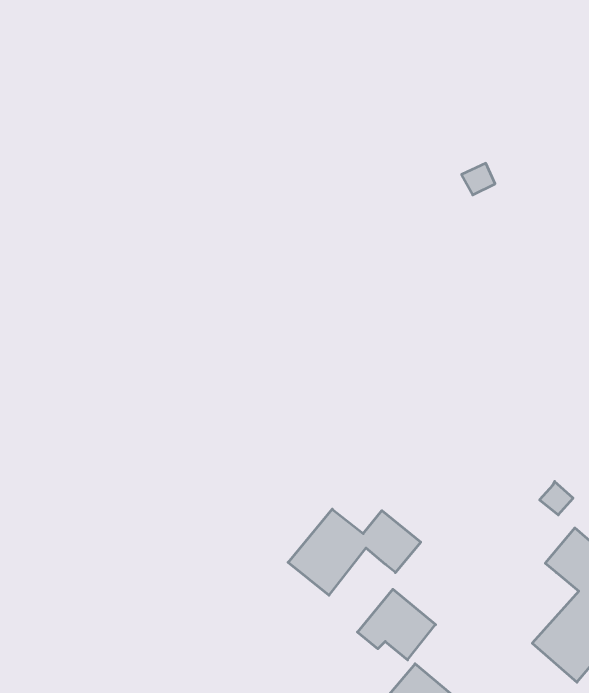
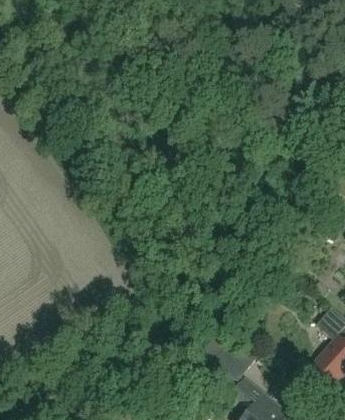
building: [288,509,421,595] -> none

